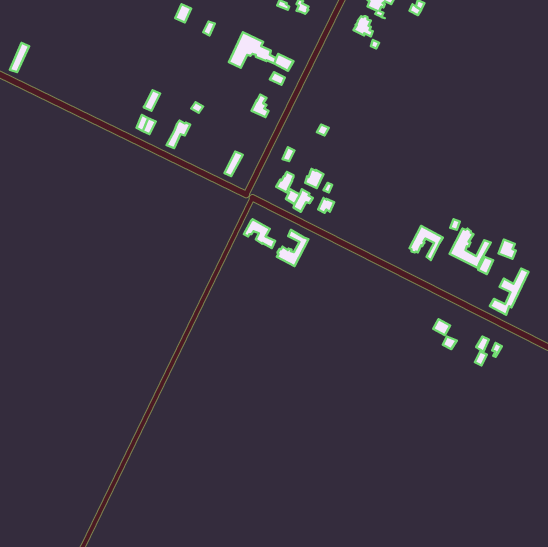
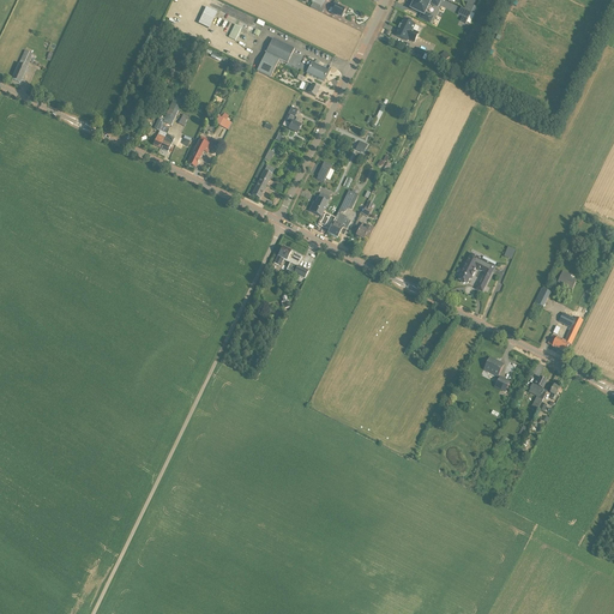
building: [449,228,491,268] -> none
building: [277,230,308,266] -> none

